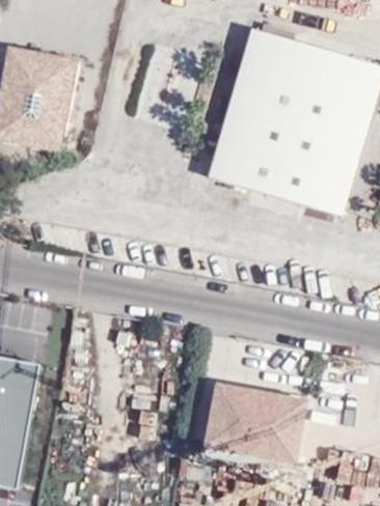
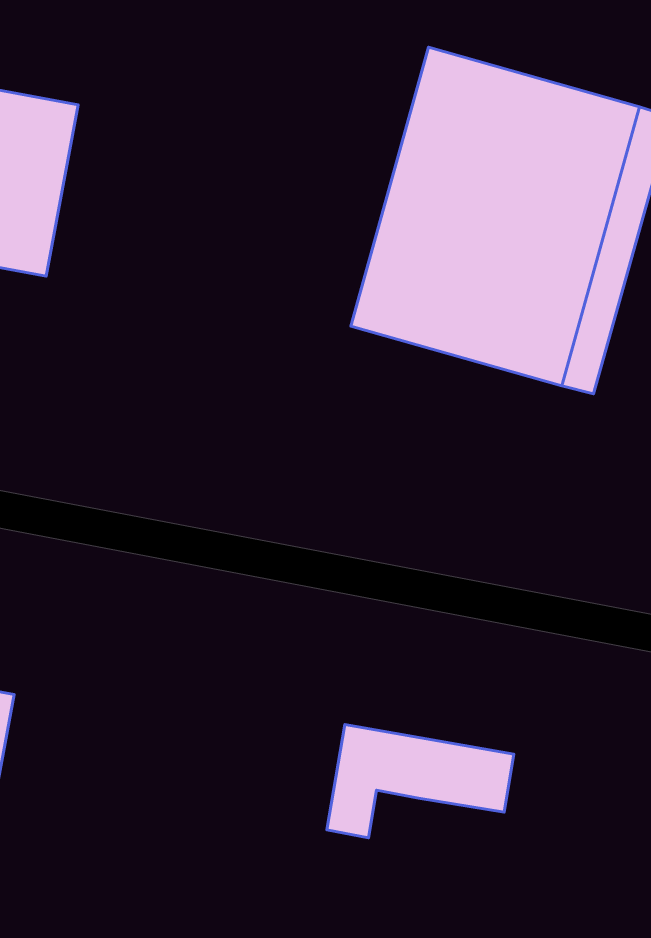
building: [223,417,294,454] -> none

